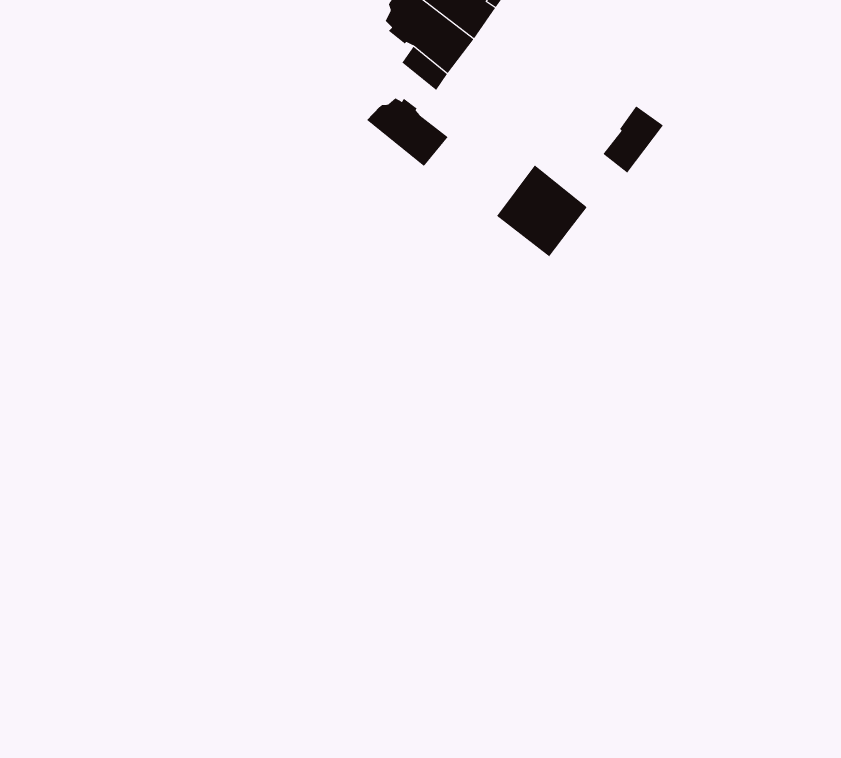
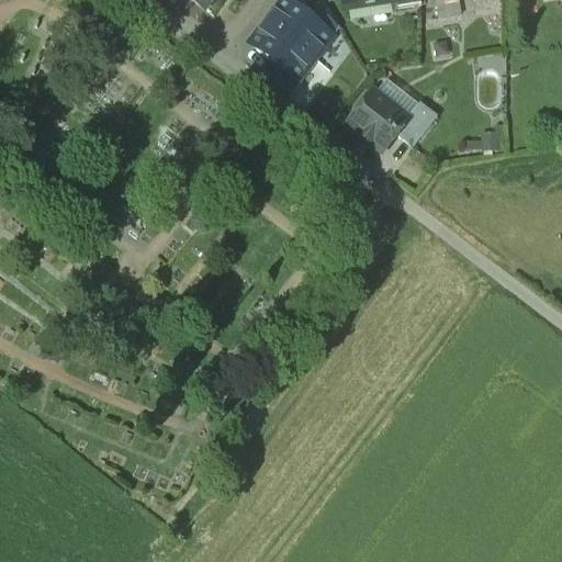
building: [366,97,449,167] -> none
building: [496,164,588,257] -> [350,85,411,146]

